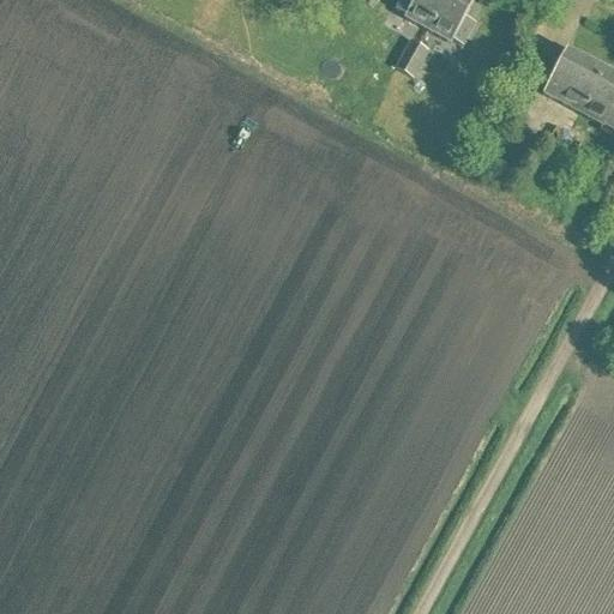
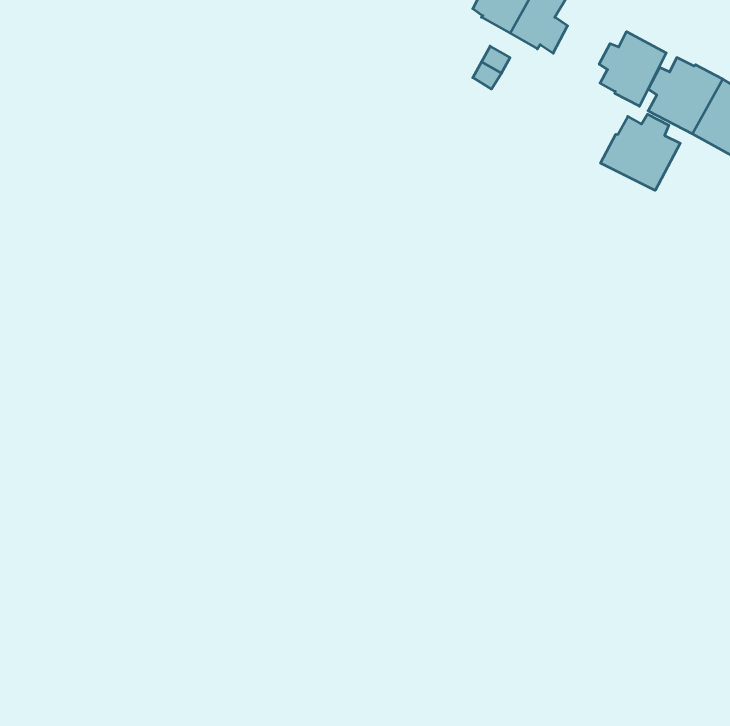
building: none -> [599,32,666,106]
building: none -> [601,114,680,190]

